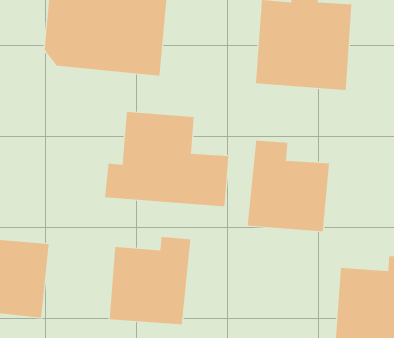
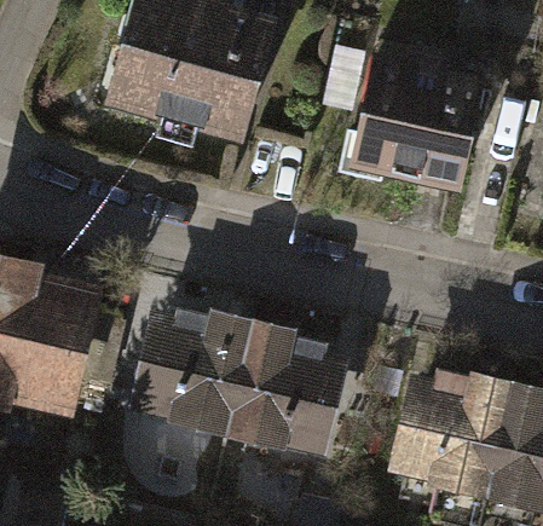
building: [105,111,229,207] -> none
building: [247,140,330,232] -> [225,328,333,446]

